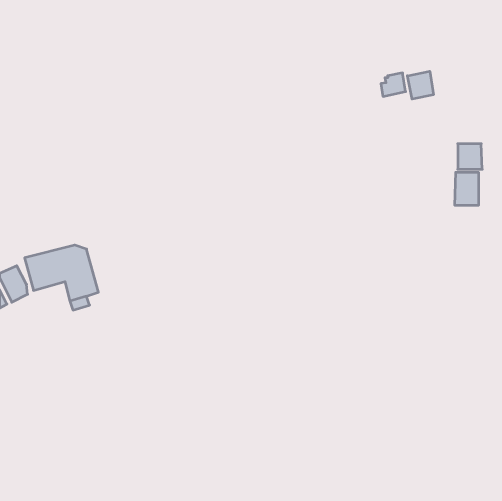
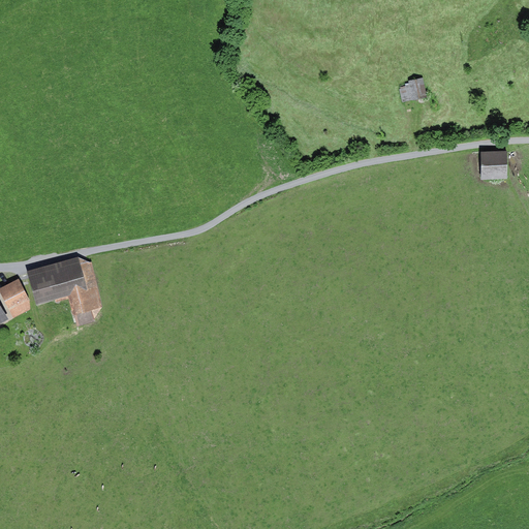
building: [407,71,433,99] -> none
building: [455,172,478,205] -> none

